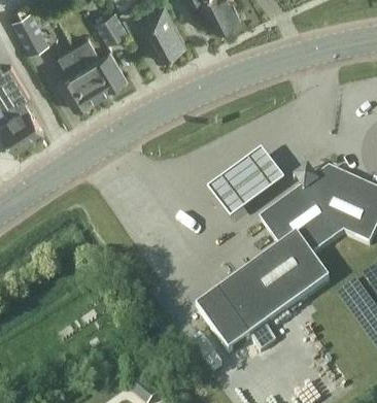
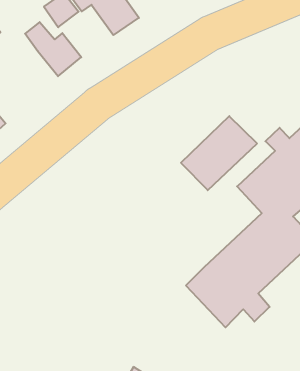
building: [56,41,98,103] -> none

